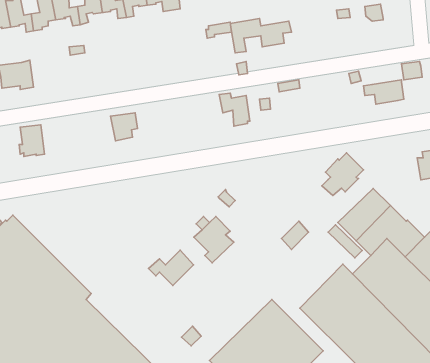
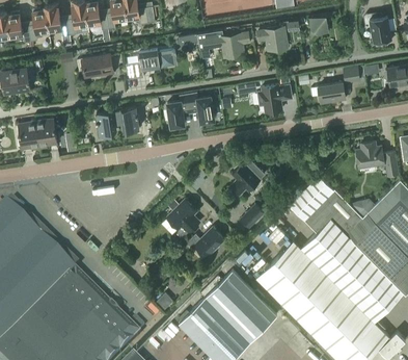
building: none -> [257,27,287,47]
building: none -> [126,49,175,79]
building: none -> [82,54,113,76]
building: none -> [257,84,291,111]
building: none -> [167,95,191,126]
building: none -> [116,106,139,130]
building: none -> [36,118,59,146]
building: [322,153,364,196] -> [229,158,265,195]
building: [148,250,194,286] -> [186,227,224,257]

